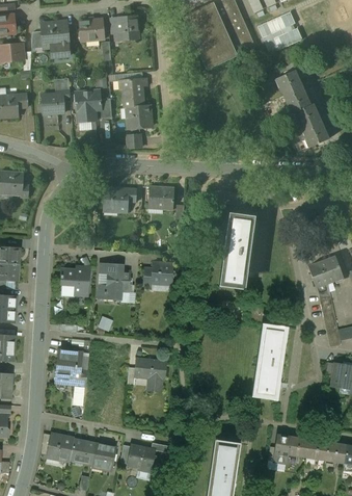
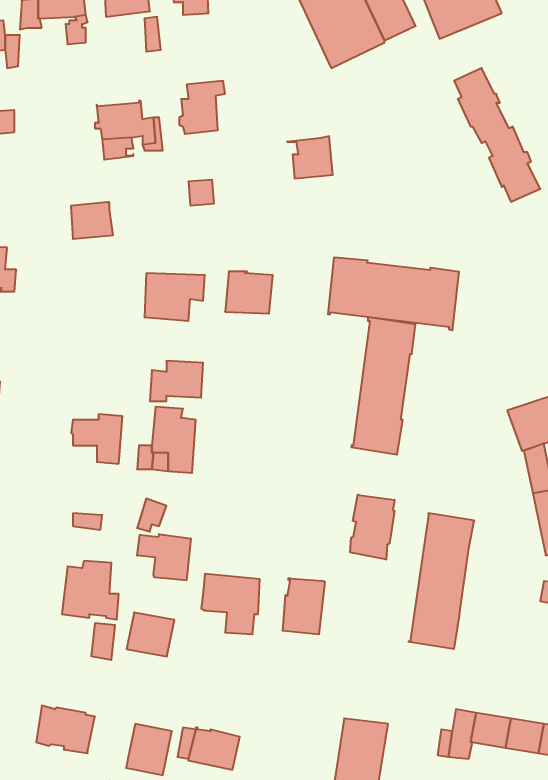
building: [42,93,65,113] -> [71,202,113,239]
building: [125,104,151,128] -> [287,136,333,178]
building: none -> [328,257,459,330]
building: [142,262,172,285] -> [150,361,203,401]
building: none -> [350,495,395,560]
building: none -> [137,534,191,580]
building: none -> [283,578,325,634]
building: [70,437,97,462] -> [127,612,174,656]

